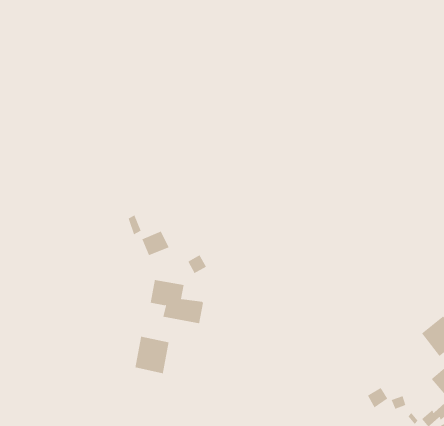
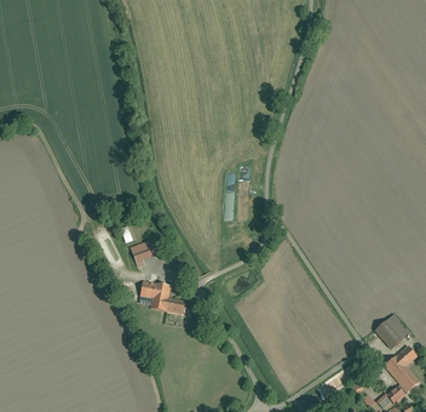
building: [135,336,169,374] -> none

